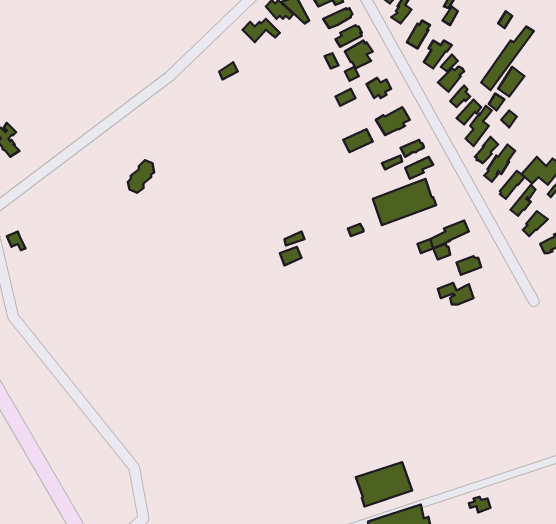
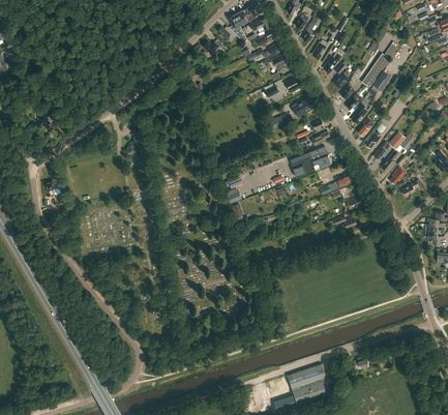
building: [356,462,412,506] -> none

